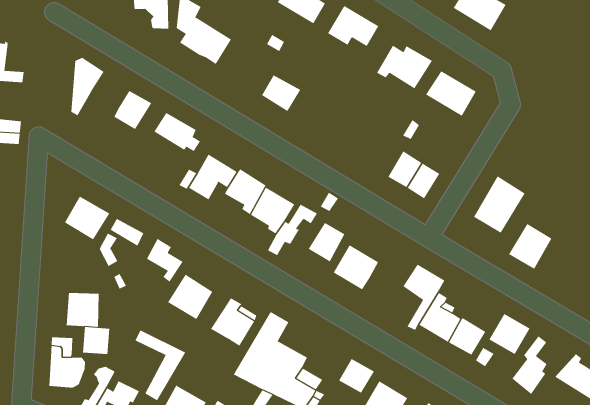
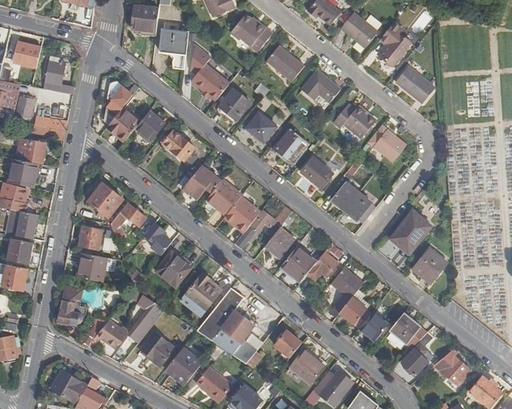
building: none -> [219,88,250,119]
building: none -> [107,107,140,140]
building: none -> [275,132,304,161]
building: none -> [300,157,333,189]
building: none -> [307,252,338,278]
building: [82,327,110,355] -> [79,226,102,249]

